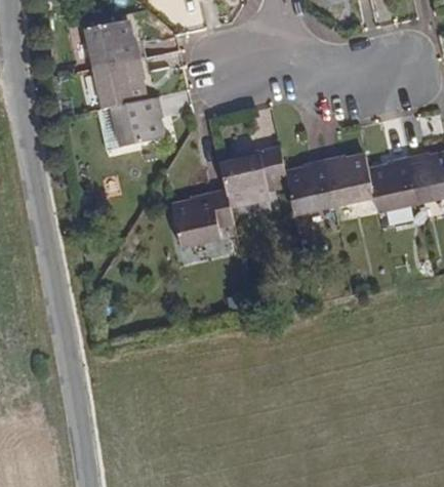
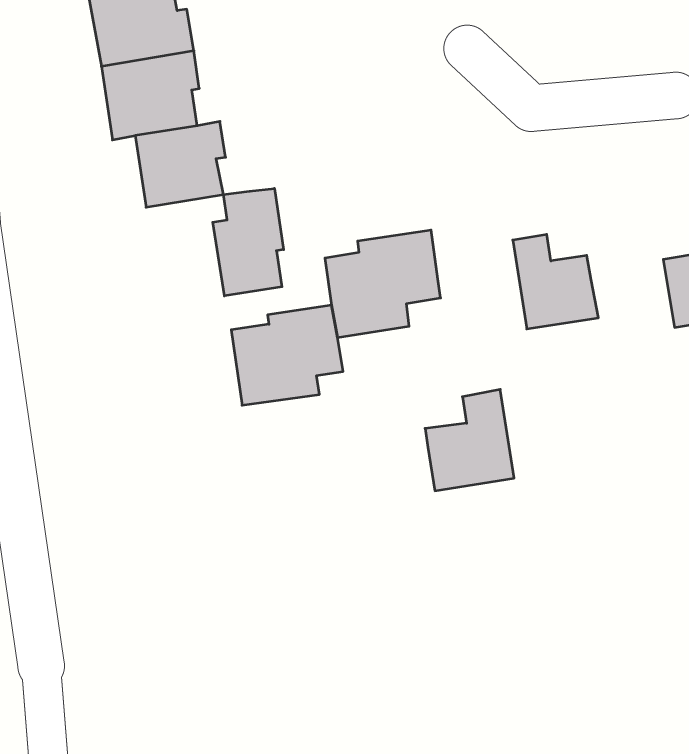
building: none -> [213,188,284,296]
building: [283,154,333,211] -> [425,389,514,491]
building: [367,160,414,205] -> none

